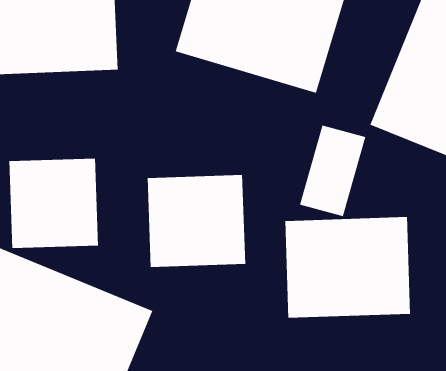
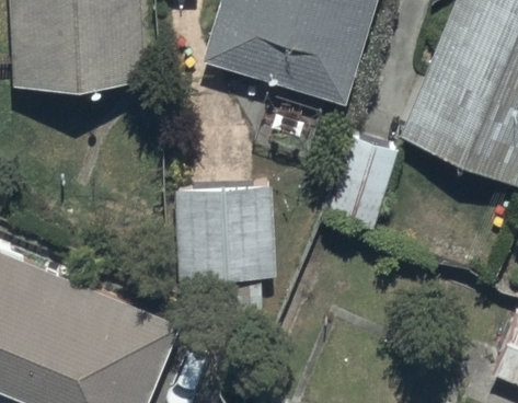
building: [9,158,99,249] -> none
building: [285,216,410,318] -> none

